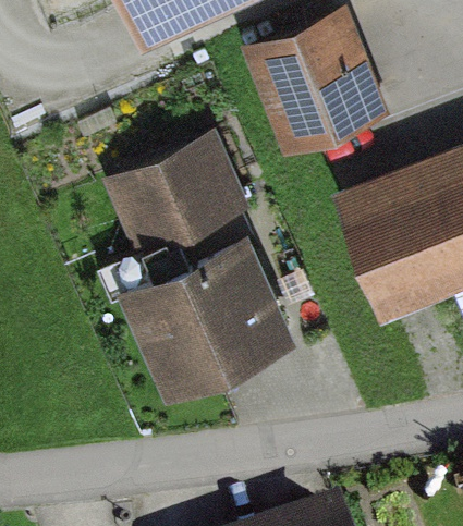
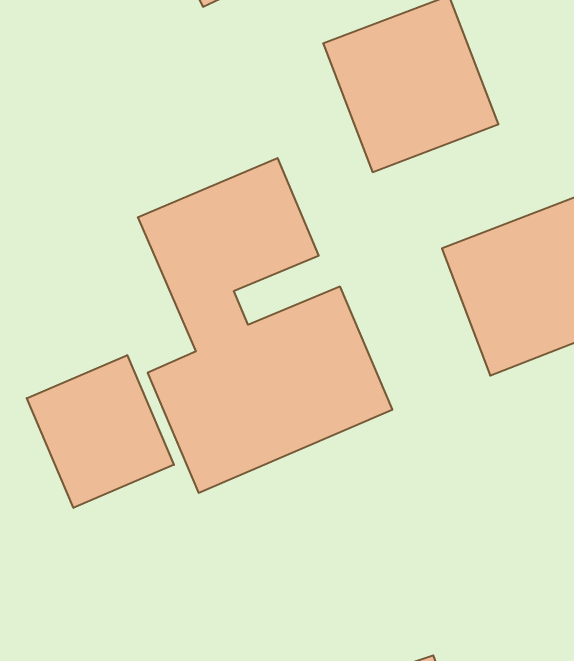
building: none -> [27,355,174,508]

